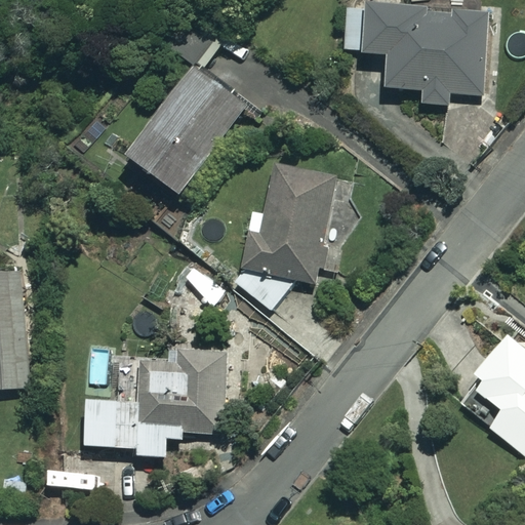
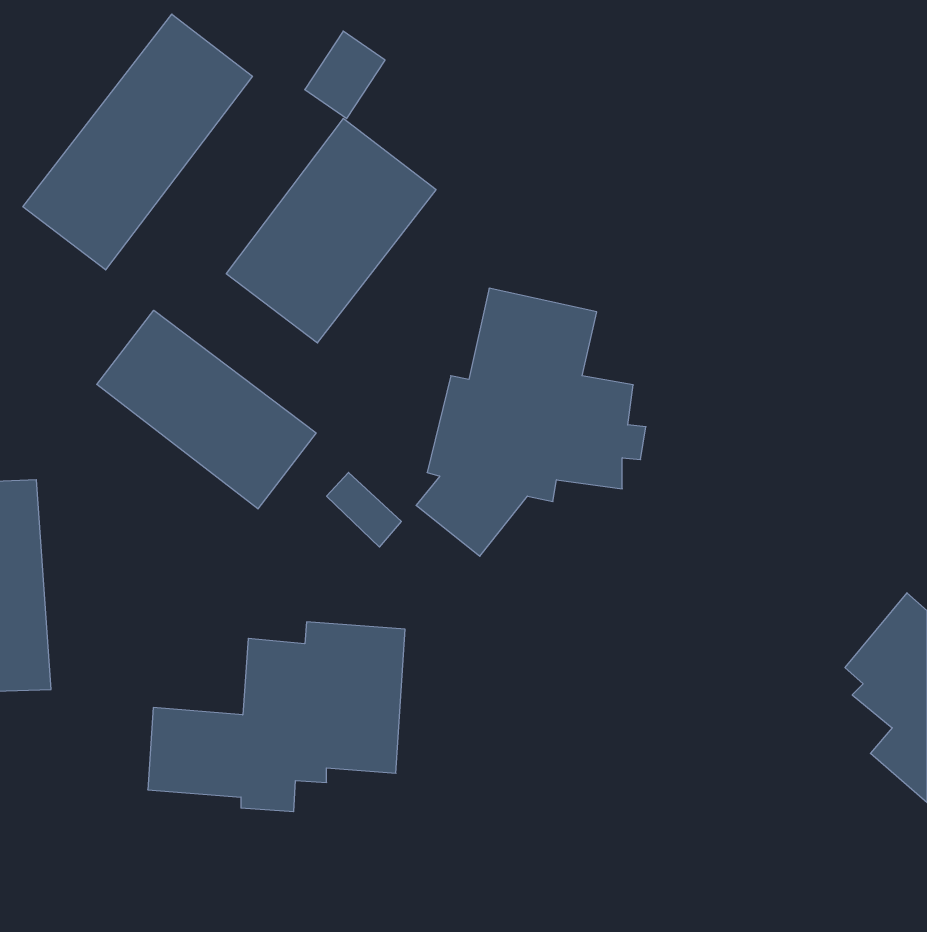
building: [344,4,489,105] -> none
building: none -> [23,14,252,270]
building: none -> [97,310,316,509]

